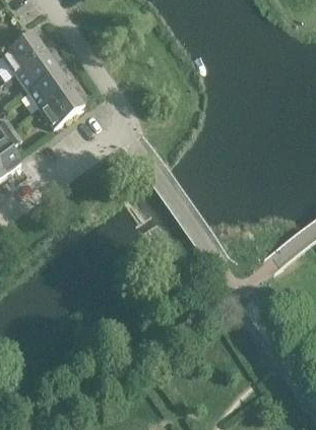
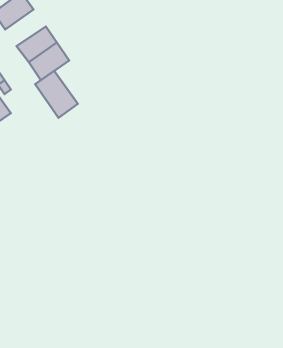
building: [14,50,58,89] -> none
building: none -> [35,71,78,118]

